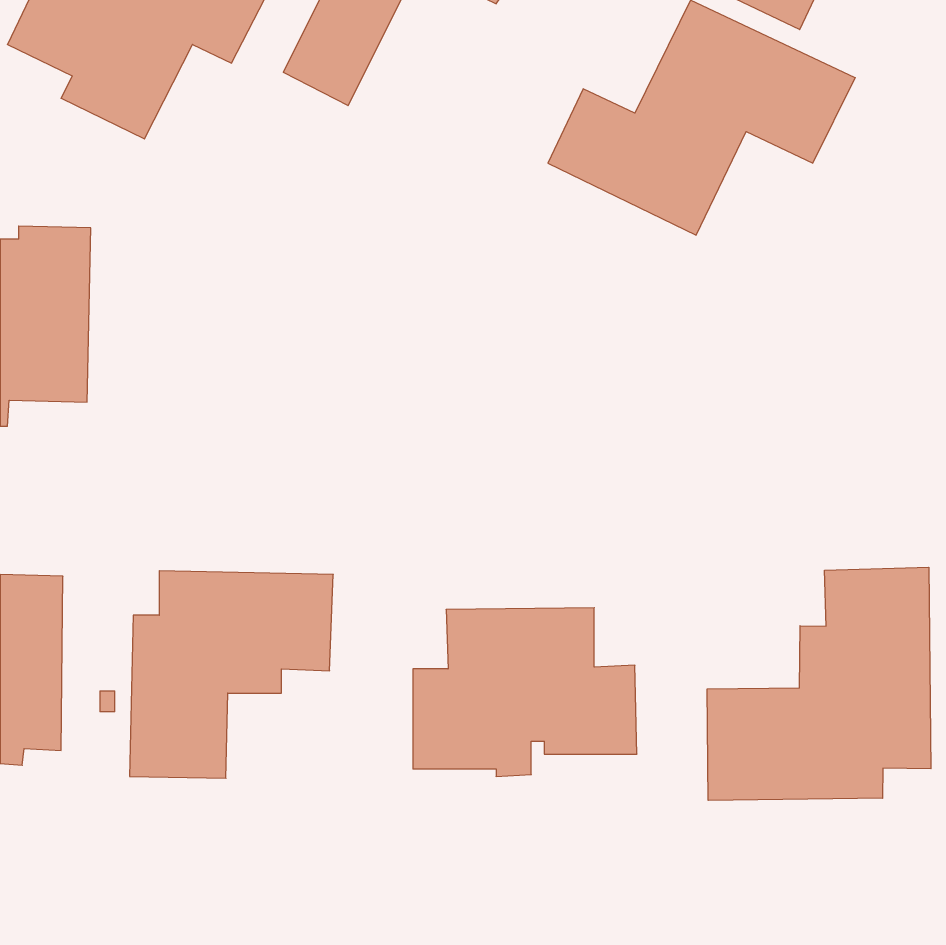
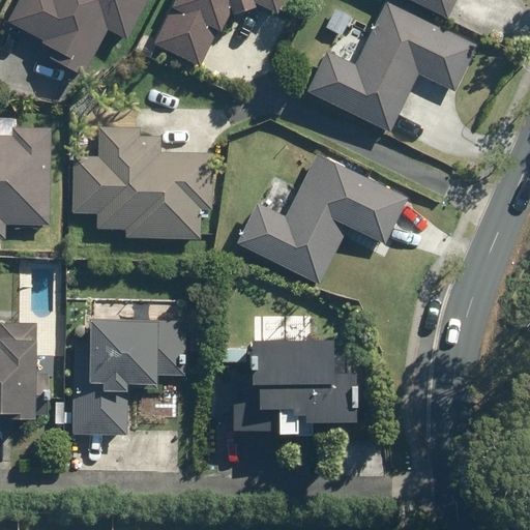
building: none -> [85,140,212,225]
building: none -> [236,153,407,284]
building: [707,567,931,800] -> none

